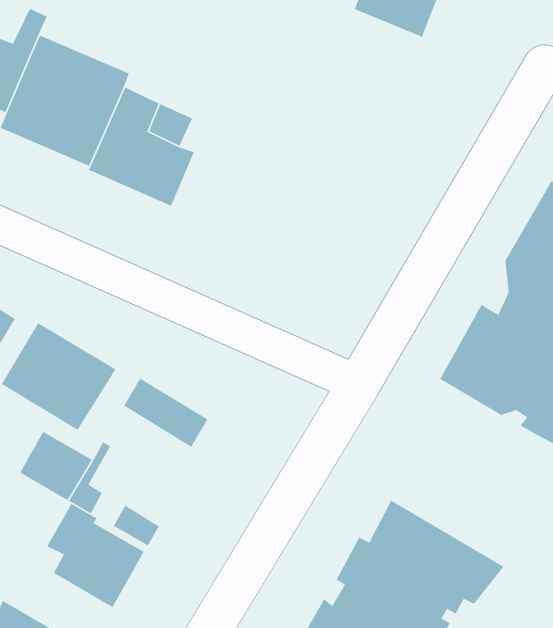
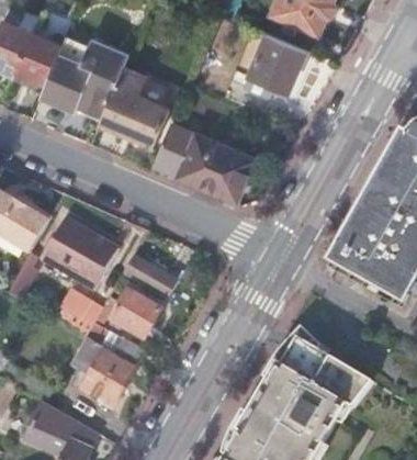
building: none -> [243,32,306,98]
building: none -> [150,122,252,200]
building: none -> [111,291,160,339]

